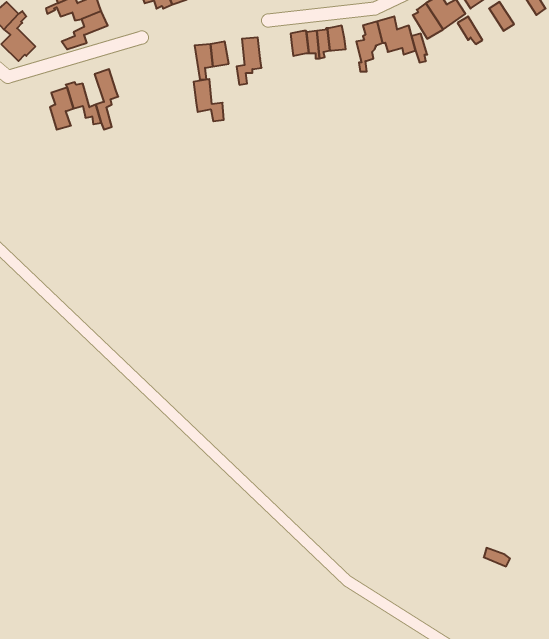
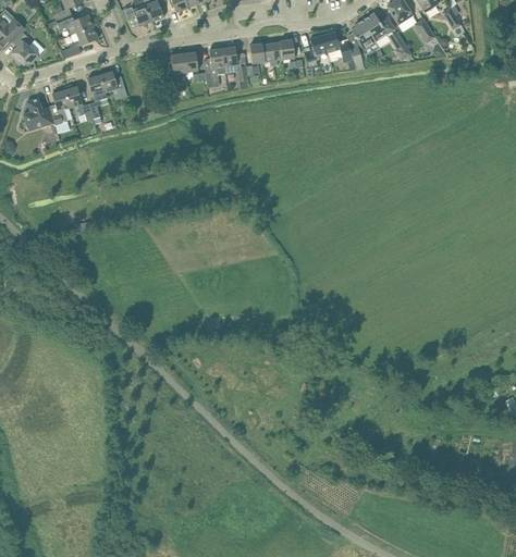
building: none -> [99,71,127,100]
building: [194,79,224,121] -> [222,46,247,81]
building: none -> [23,98,57,133]

